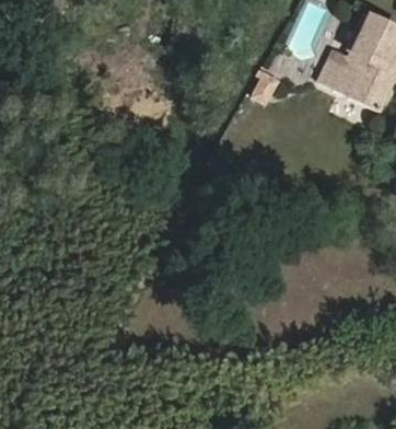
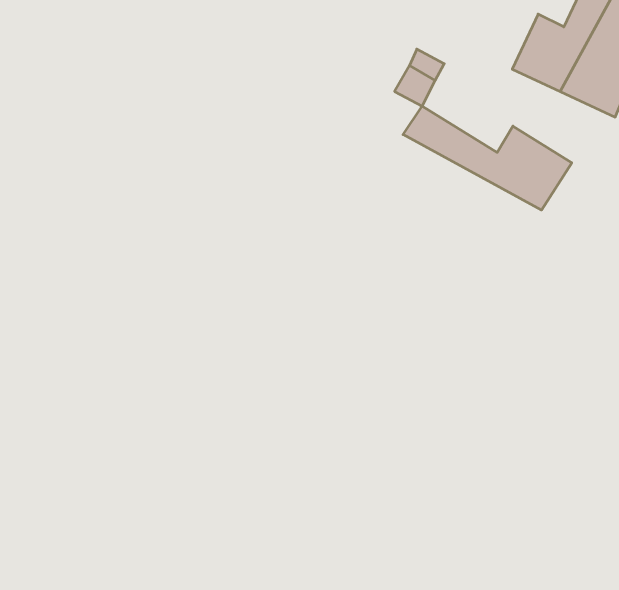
building: none -> [403,106,572,210]

